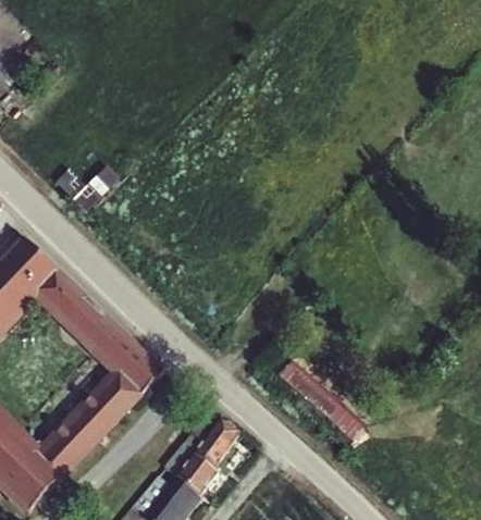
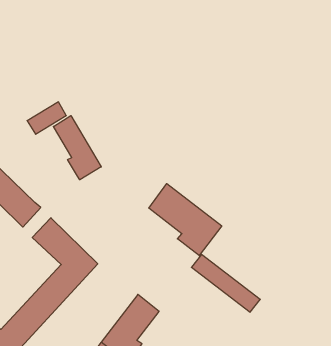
building: none -> [53,116,101,180]
building: none -> [149,184,222,256]

